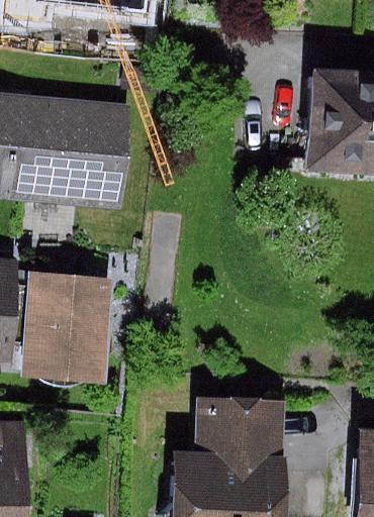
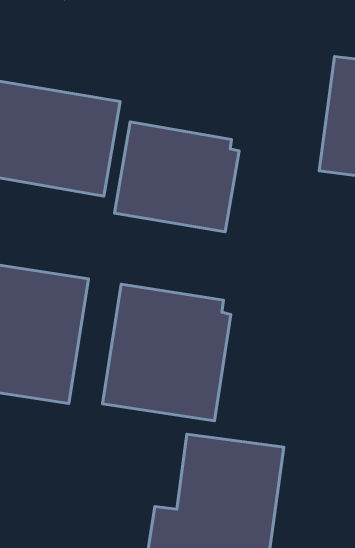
building: none -> [115,122,239,232]
building: none -> [102,284,231,421]

